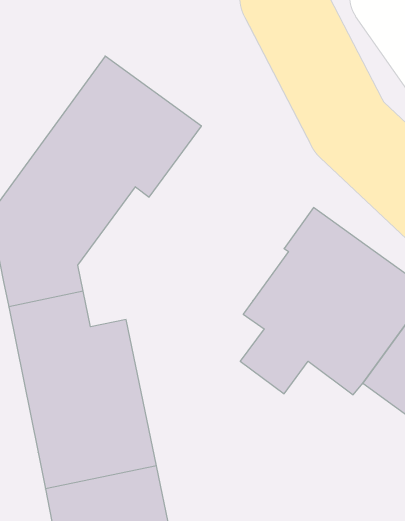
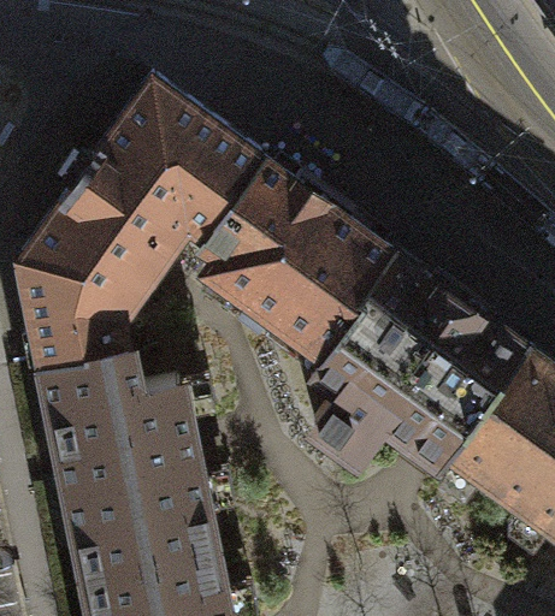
building: none -> [201,160,395,361]

